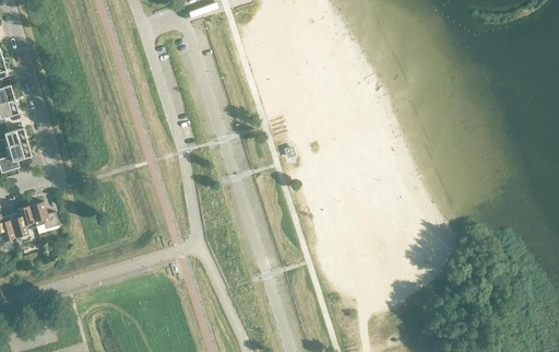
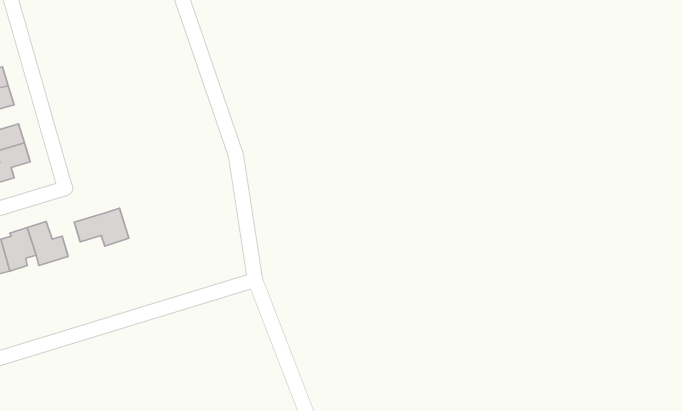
building: none -> [74,208,129,246]

